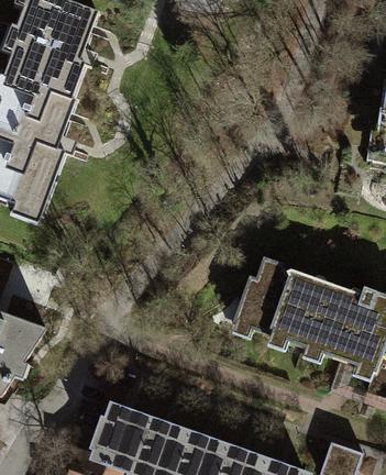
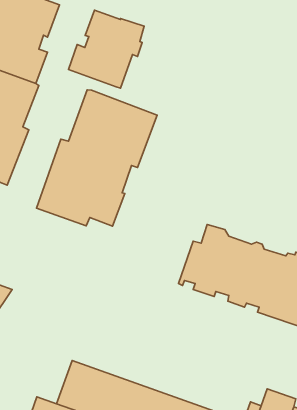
building: none -> [69,10,144,88]
building: none -> [37,90,157,226]

